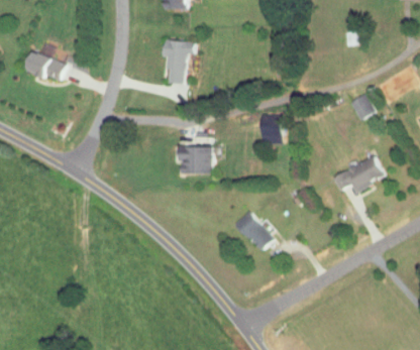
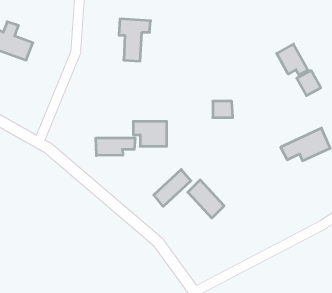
building: none -> [277,44,308,75]
building: none -> [96,138,135,156]
building: none -> [154,169,191,206]

